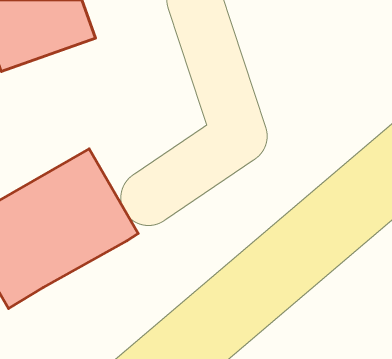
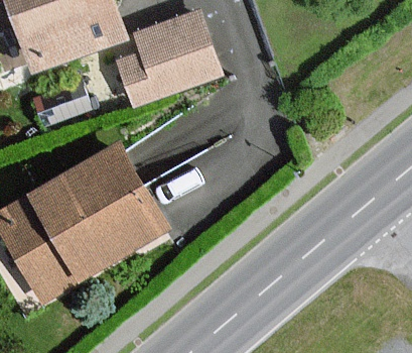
building: none -> [119,15,218,106]

